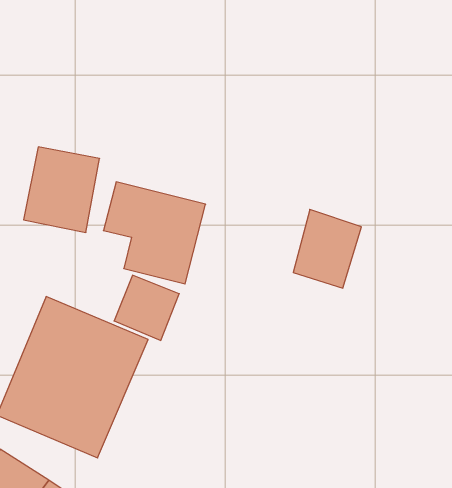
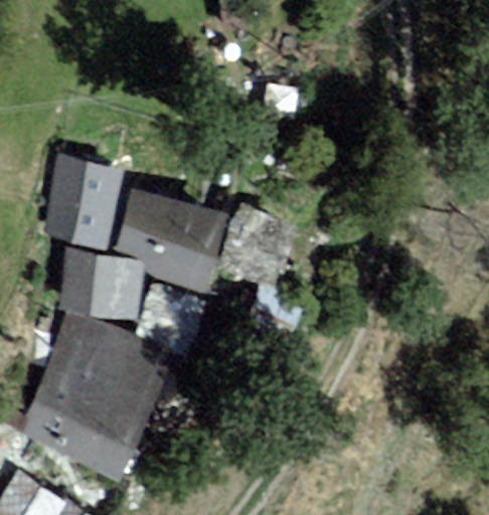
building: [293,209,361,288] -> [228,207,299,289]
building: none -> [61,246,146,323]

